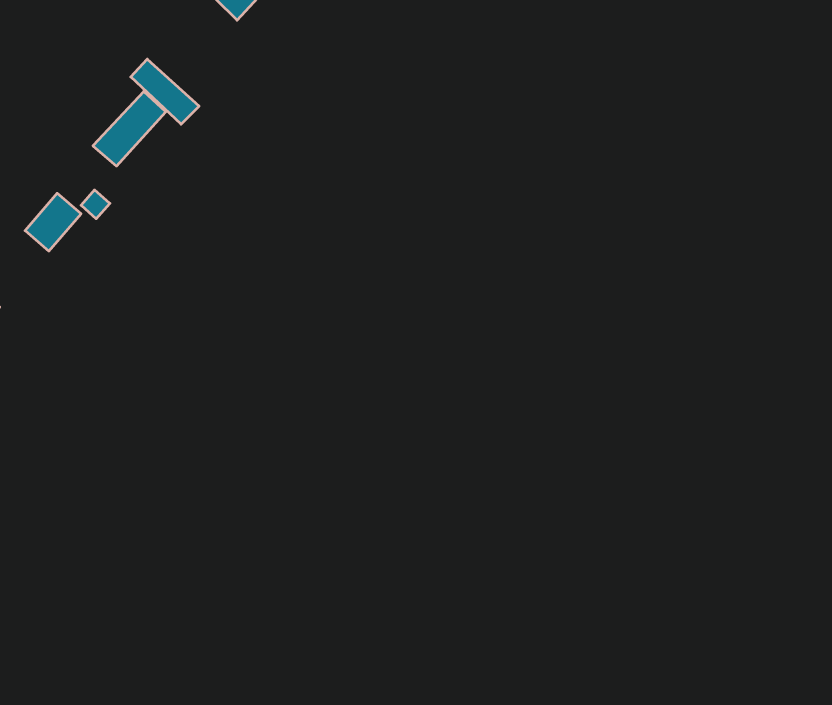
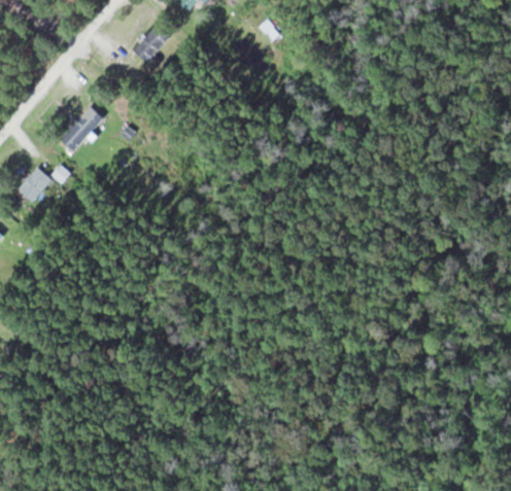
building: [131,59,199,124] -> none

